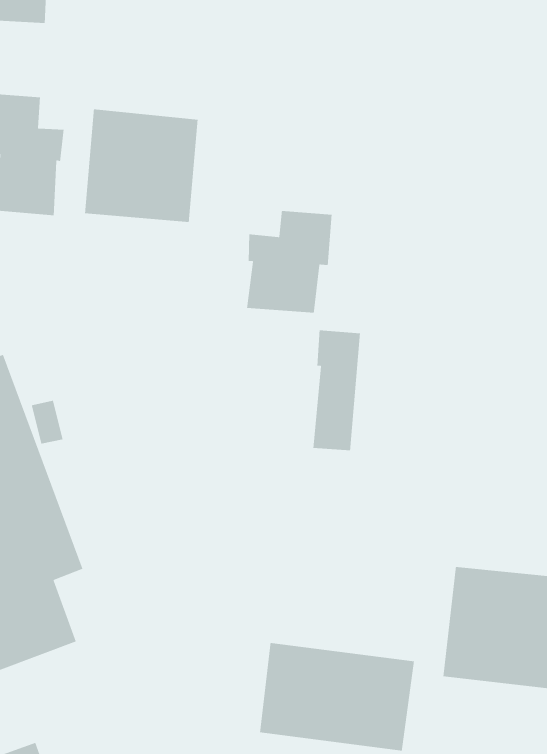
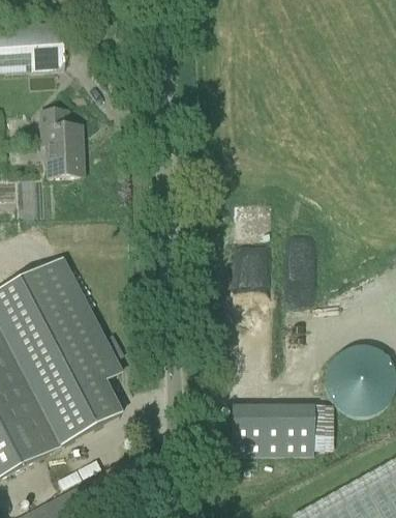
building: [84,108,198,223] -> none
building: [246,210,332,314] -> none

